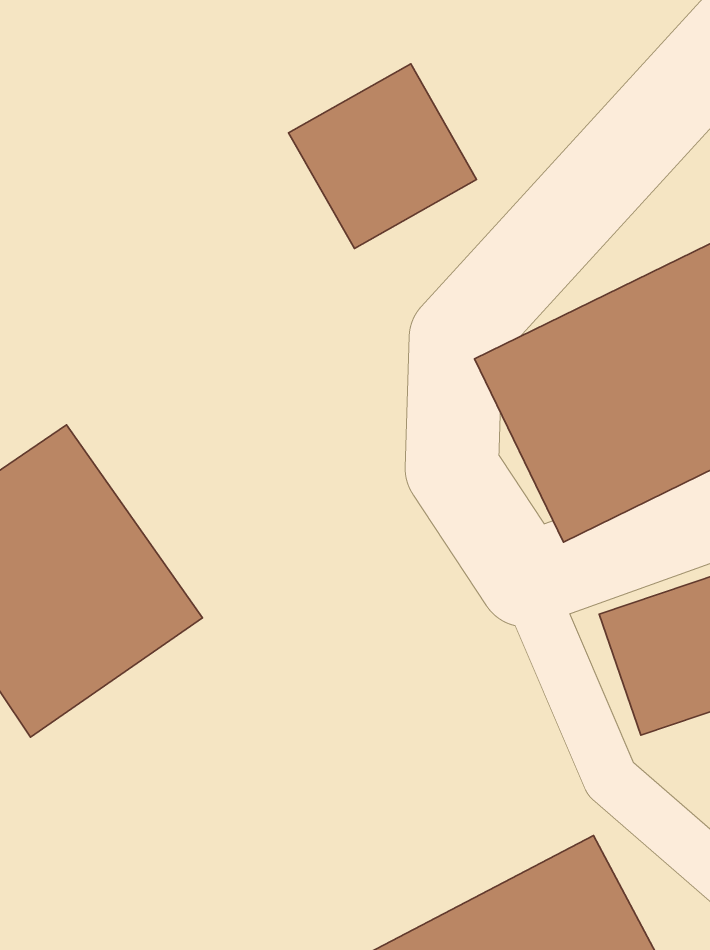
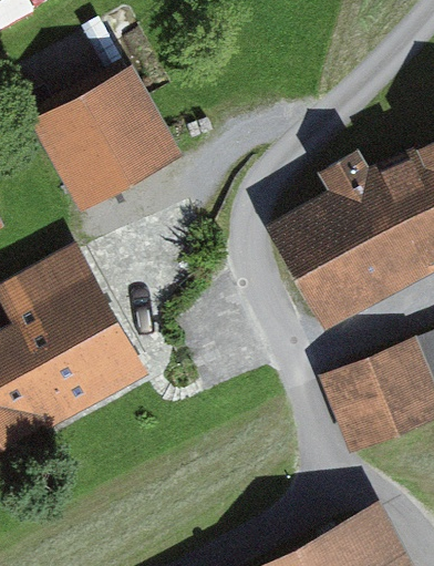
building: [289,64,477,249] -> none
building: none -> [19,60,168,209]

